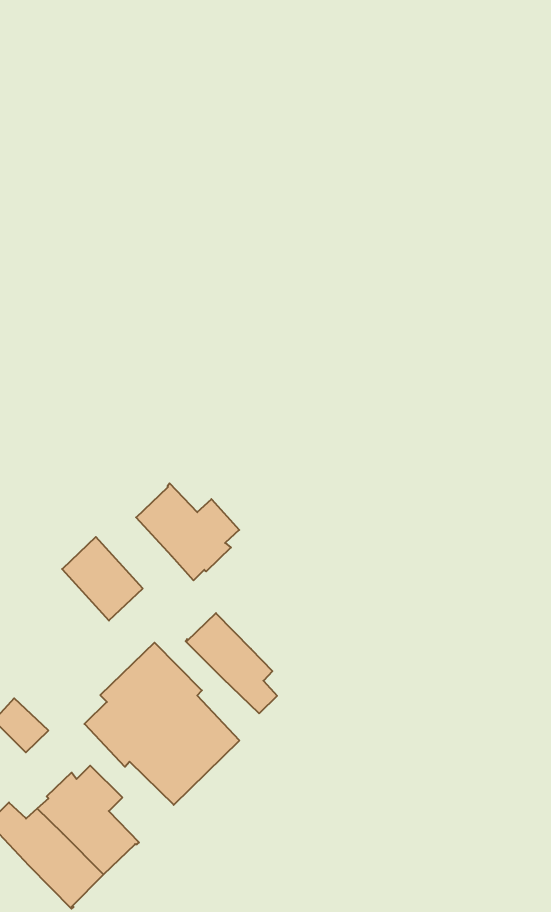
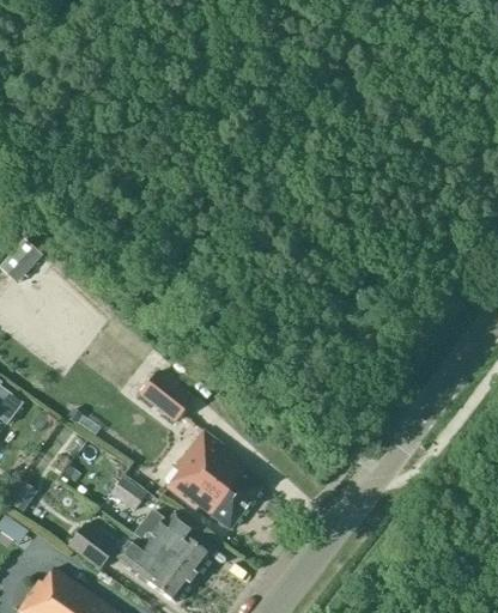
building: [136,483,239,580] -> none
building: [186,613,277,713] -> none

